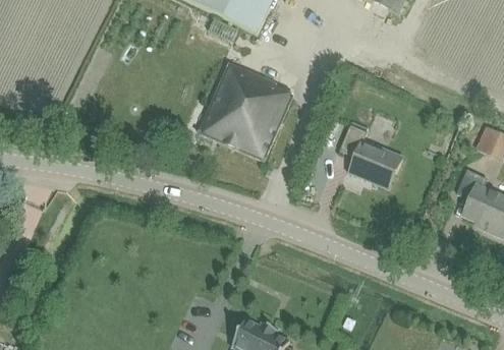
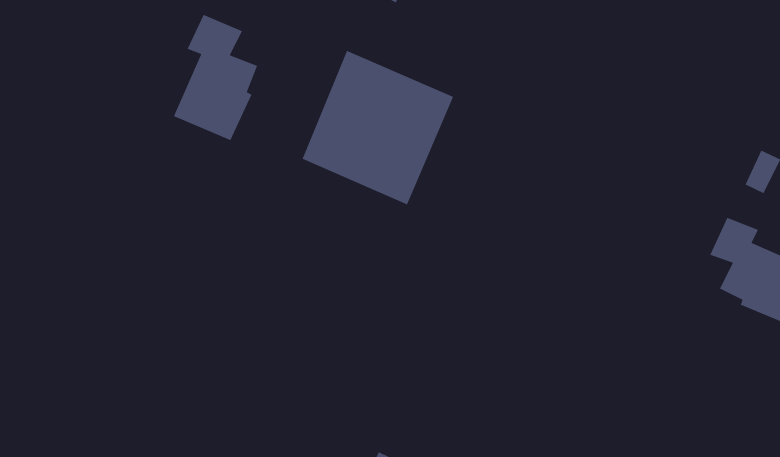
building: none -> [173,14,258,141]
building: [338,123,402,188] -> none

